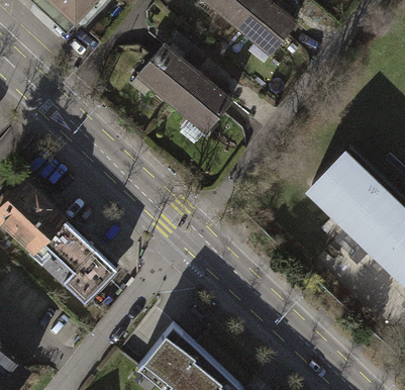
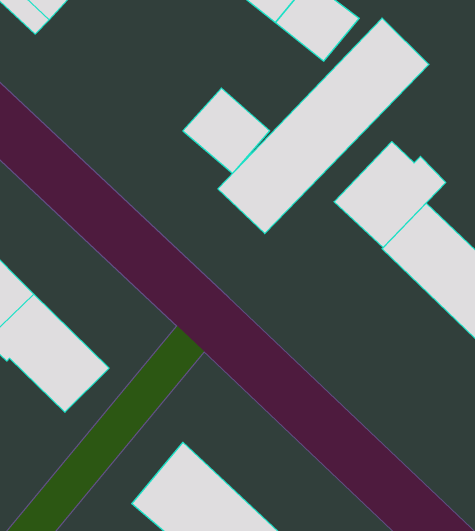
building: none -> [218,18,429,234]
building: [138,43,197,102] -> none
building: none -> [334,142,446,248]

